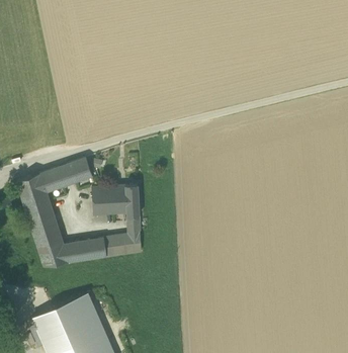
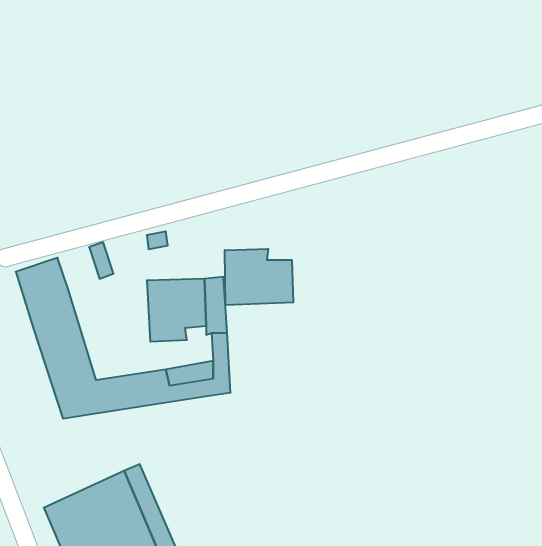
building: [67,158,92,182] -> none
building: [40,167,65,191] -> none
building: none -> [225,249,293,305]

